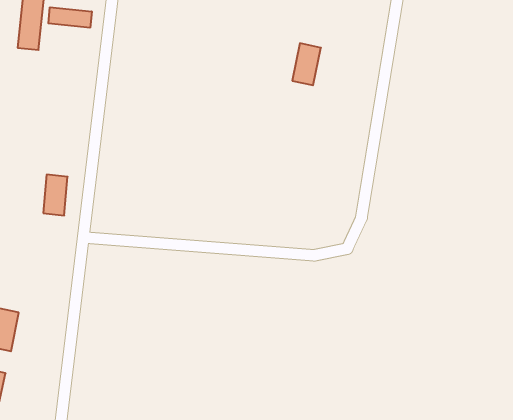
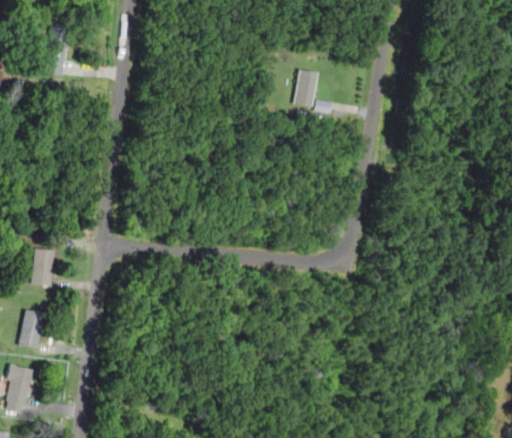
building: [48,7,92,28] -> none
building: [43,175,68,215] -> [32,249,54,286]

